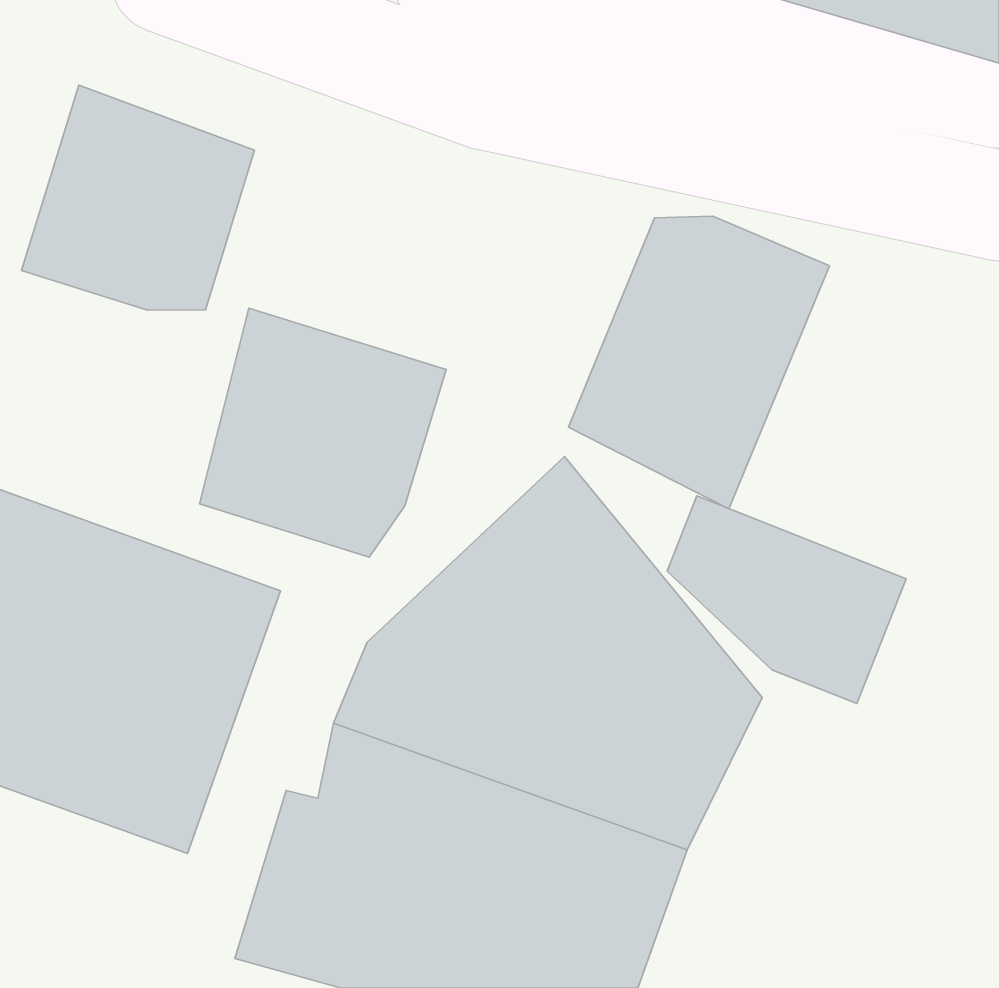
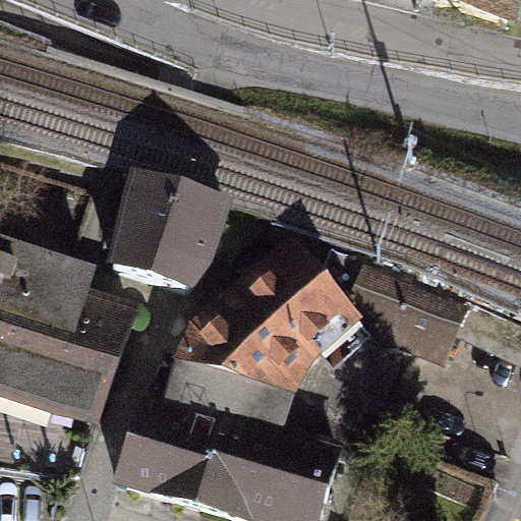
building: [21,85,254,310] -> none
building: [568,216,830,509] -> none

